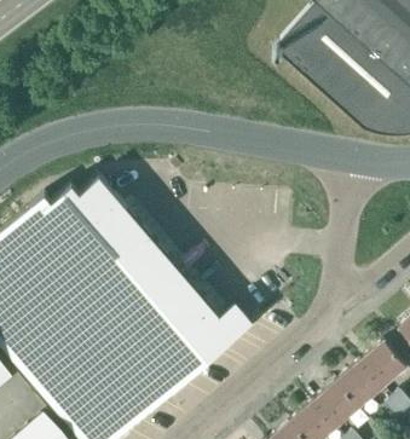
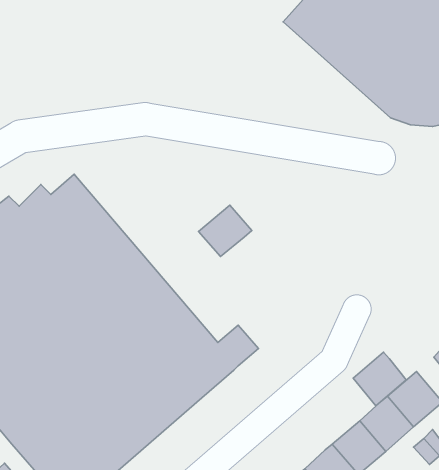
building: none -> [199,205,252,257]
building: none -> [353,352,406,406]

